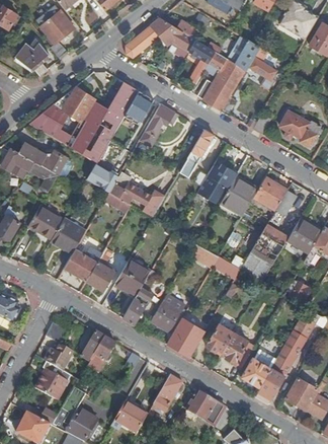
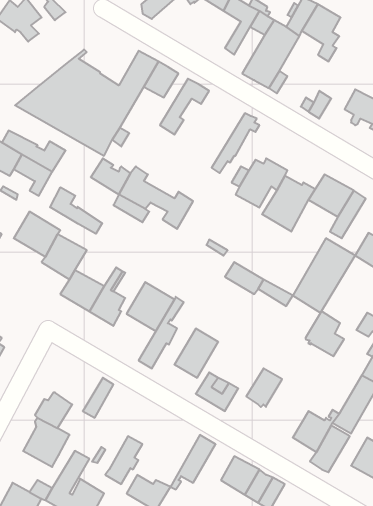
building: none -> [50,187,102,234]
building: [221,332,250,367] -> [306,311,344,356]
building: [87,337,115,373] -> [105,436,142,484]

